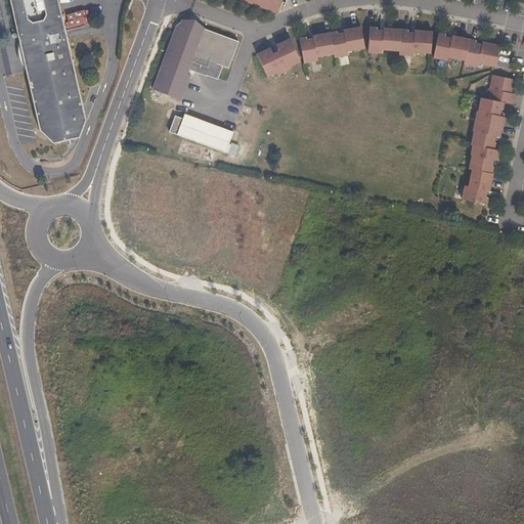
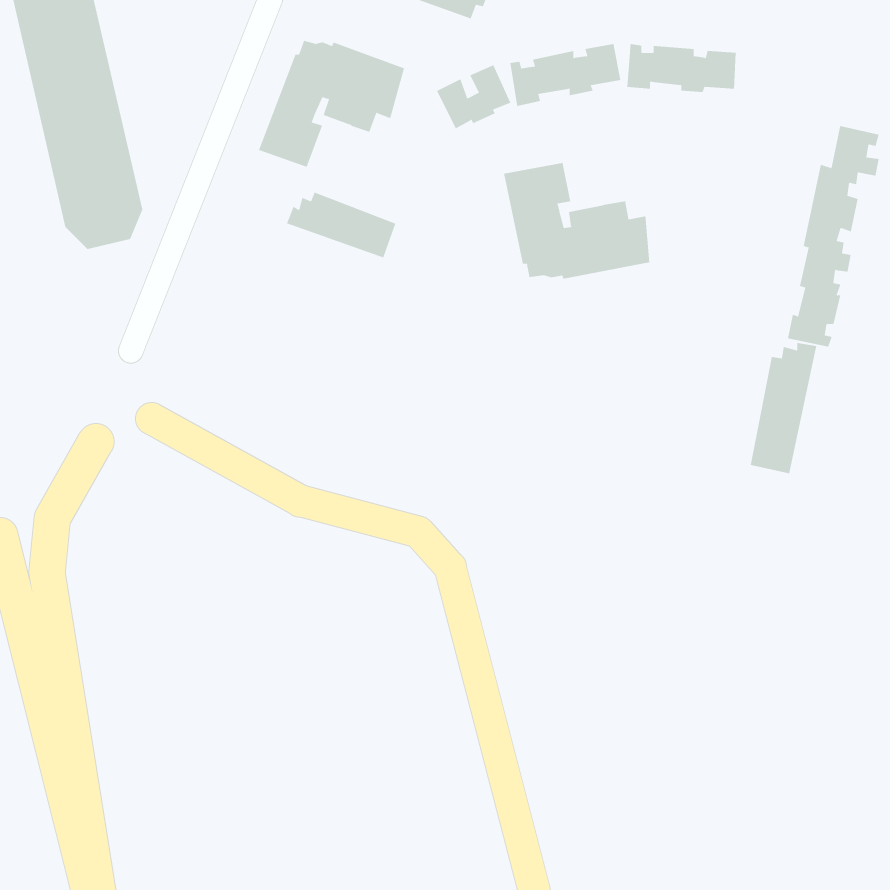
building: [434,32,501,66] -> none
building: none -> [504,162,650,279]
building: none -> [750,342,817,474]

